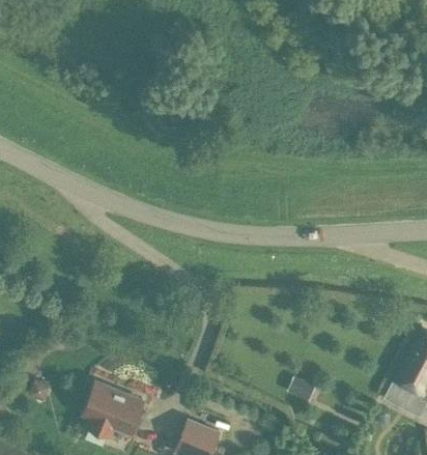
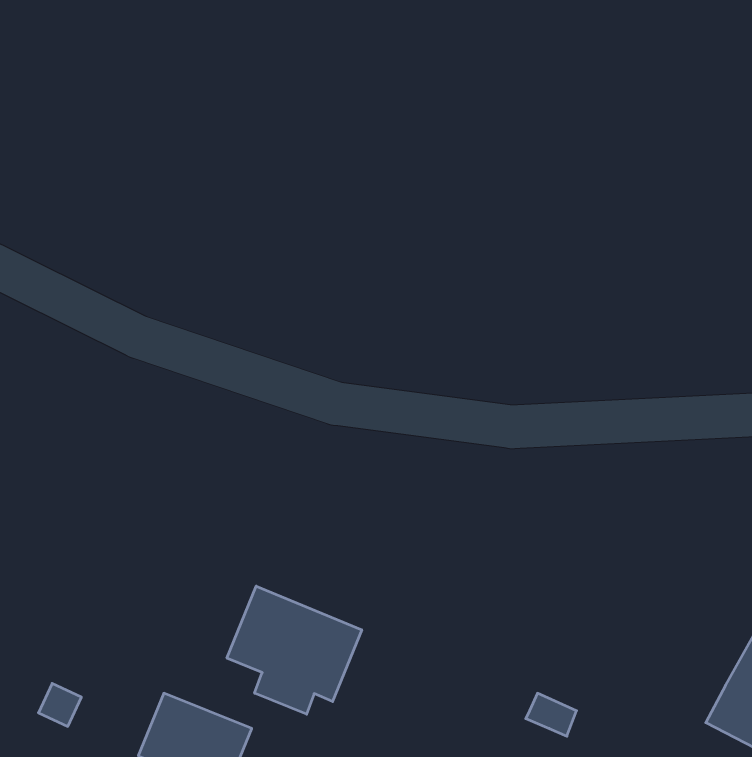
building: none -> [227,586,362,714]

